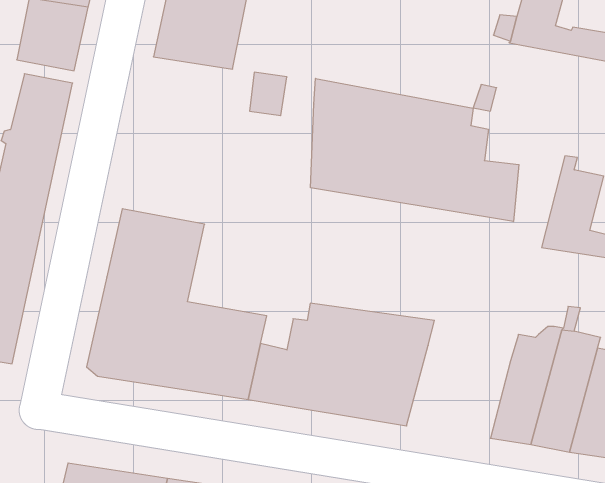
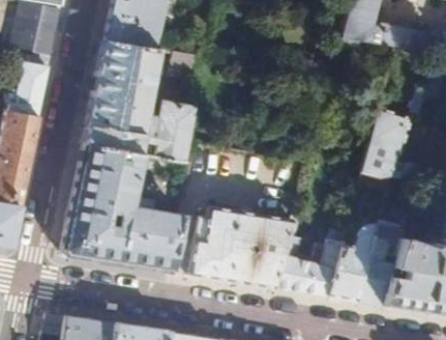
building: none -> [84,41,189,162]
building: [311,78,519,222] -> none
building: none -> [273,234,343,296]

